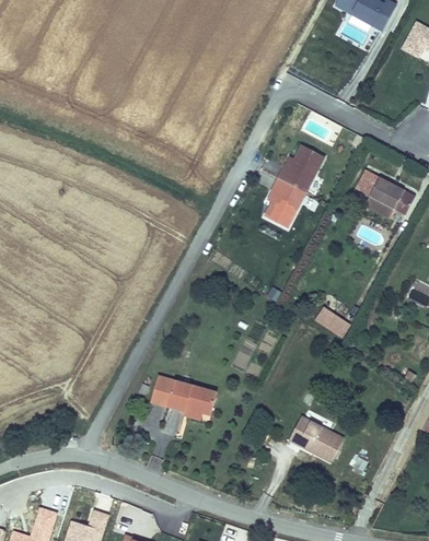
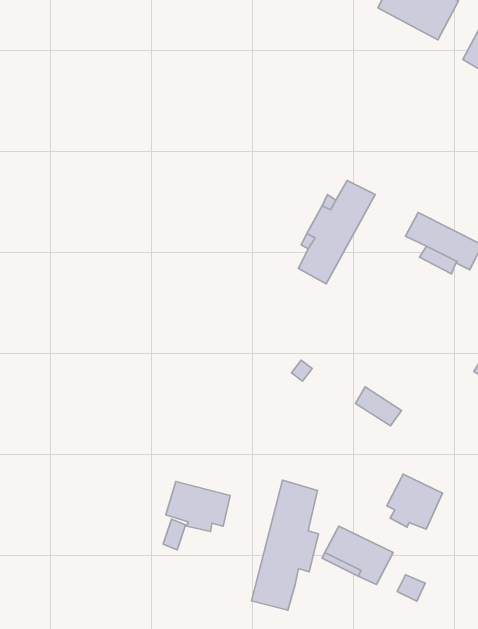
building: none -> [387,474,443,529]
building: [151,375,174,407] -> none
building: none -> [251,480,319,610]

